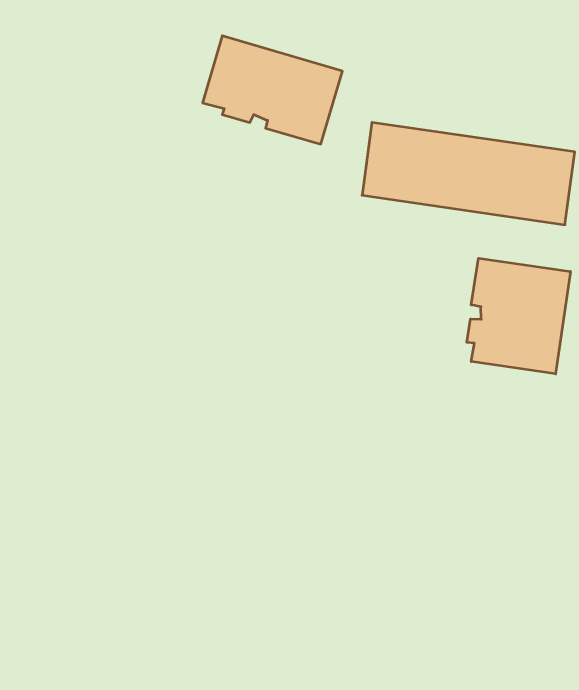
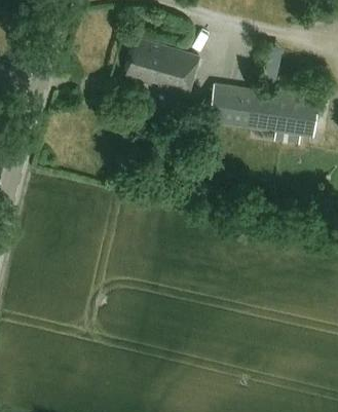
building: [467,258,570,374] -> none

